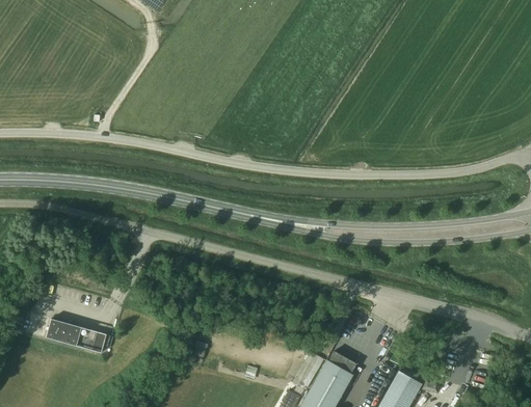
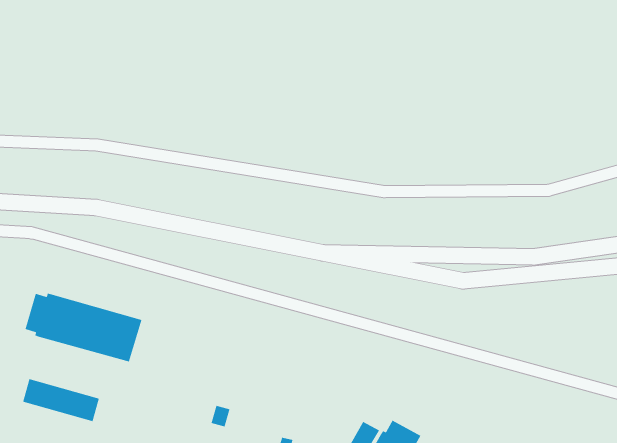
building: none -> [24,293,142,362]

